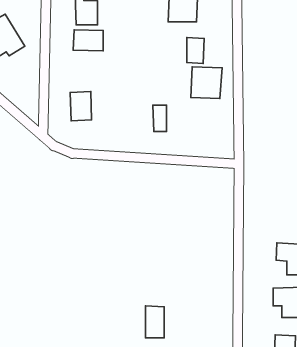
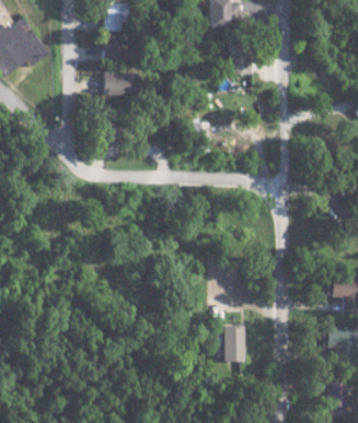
building: none -> [103,71,136,95]
building: [191,67,222,98] -> none
building: [146,306,164,338] -> [226,324,246,360]

